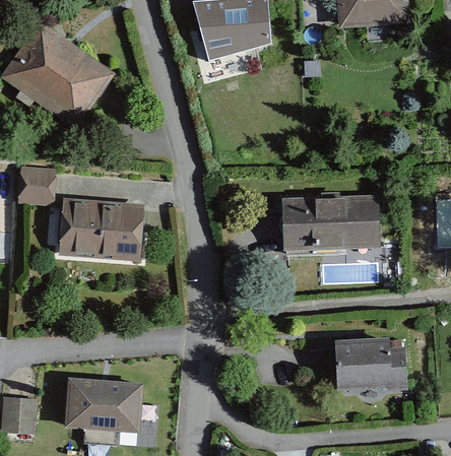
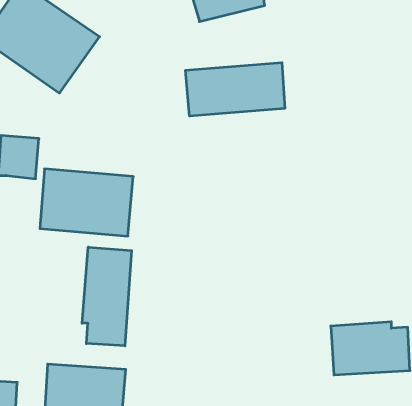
building: none -> [186,63,285,116]
building: [280,197,381,255] -> none
building: none -> [82,247,132,346]

